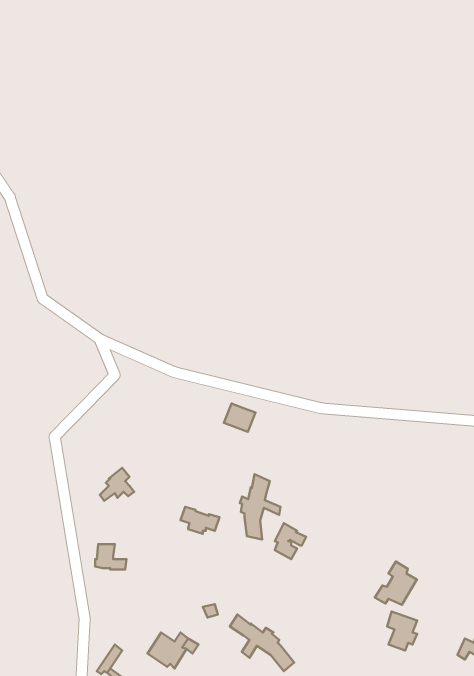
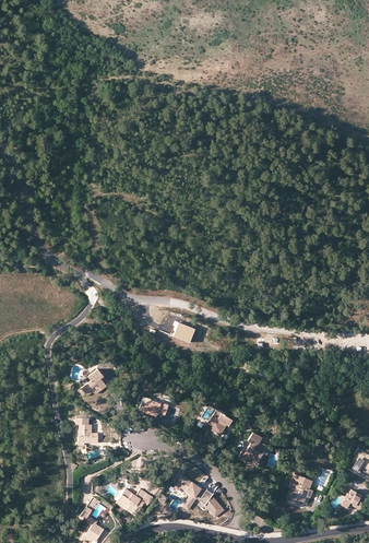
building: [240,474,281,539] -> none
building: [375,561,417,605] -> [237,432,267,463]

